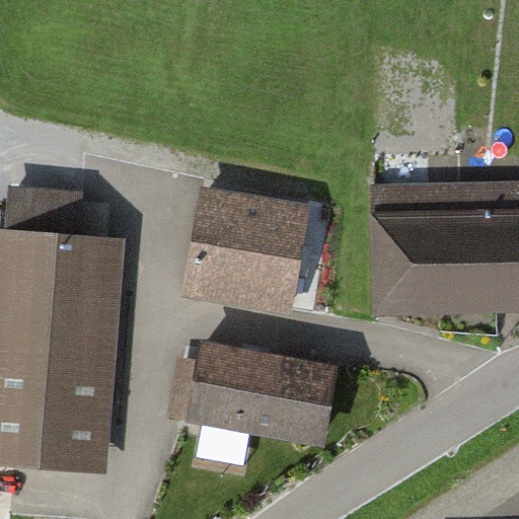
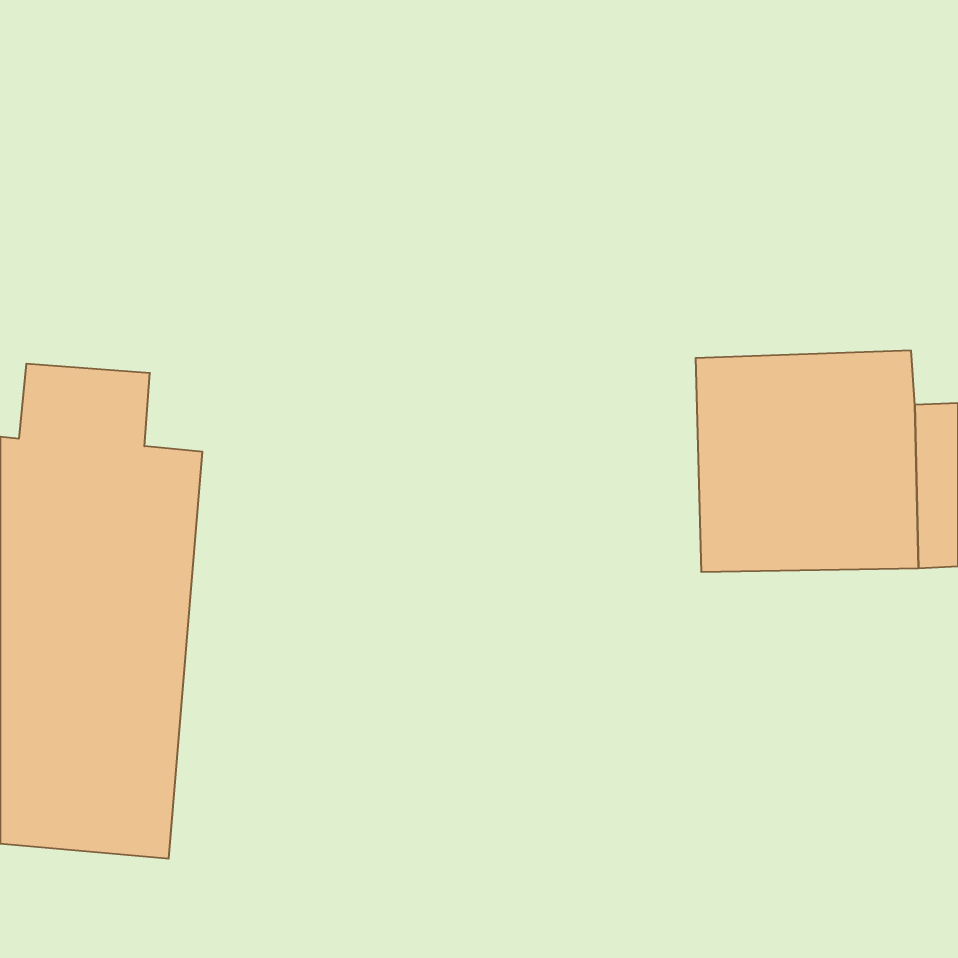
building: [191,195,307,307] -> none
building: [177,350,335,439] -> none

